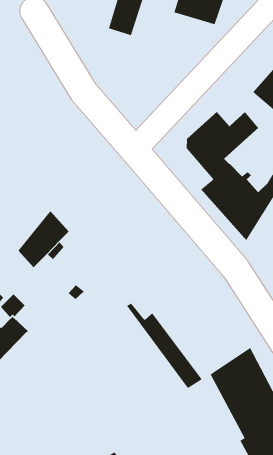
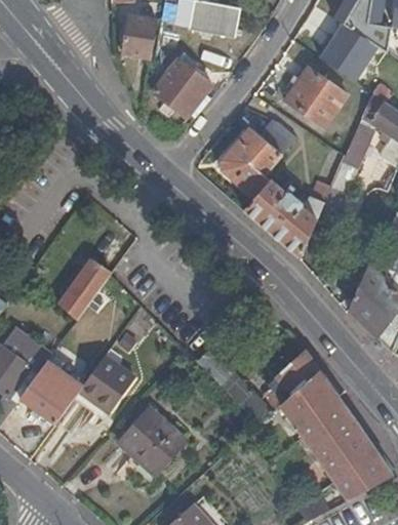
building: none -> [151,58,210,117]
building: none -> [79,354,134,410]
building: none -> [267,352,318,403]
building: none -> [118,407,187,475]

